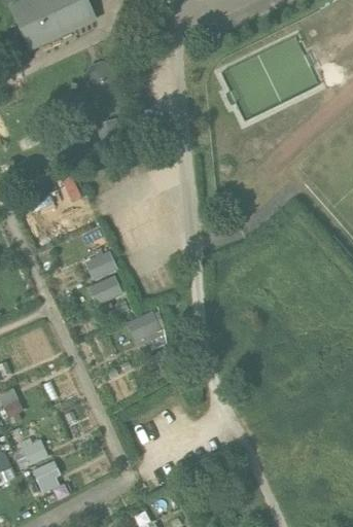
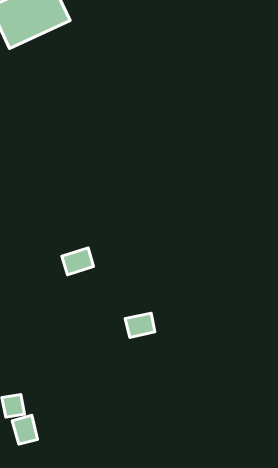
building: [83,249,117,279] -> none
building: [128,312,161,339] -> [125,313,155,337]

